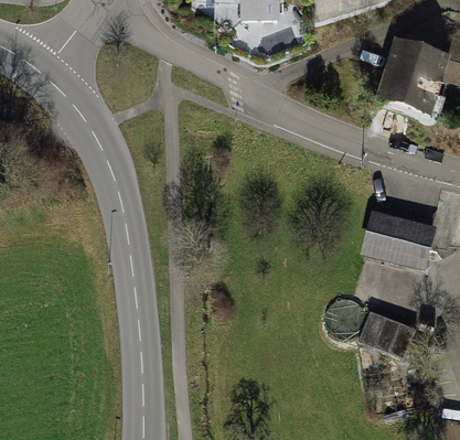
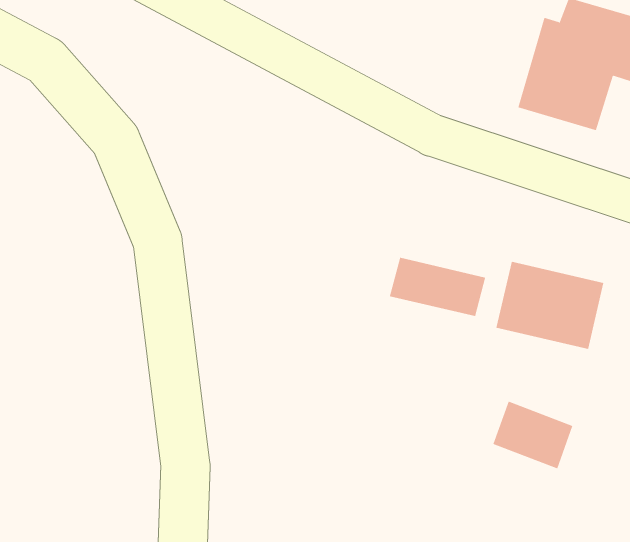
building: none -> [389,257,486,317]

